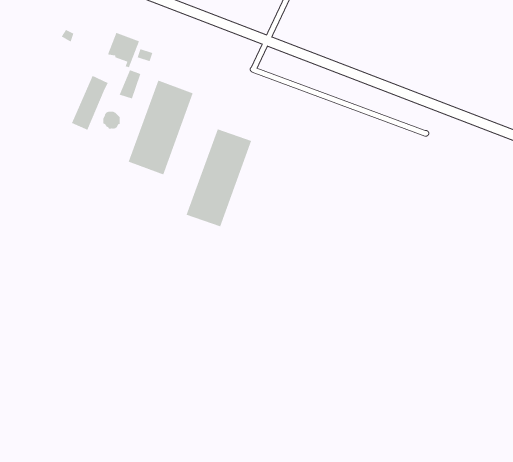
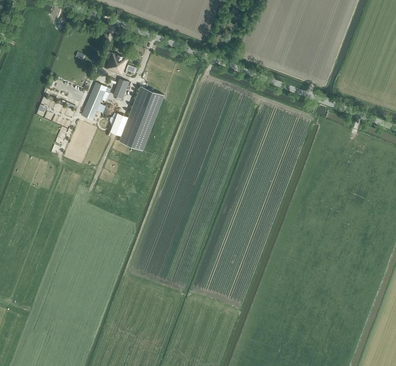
building: [186,128,252,227] -> none

